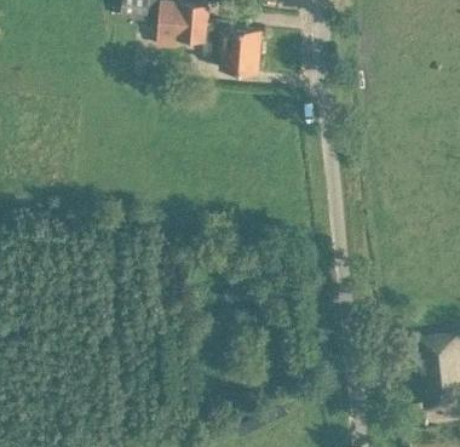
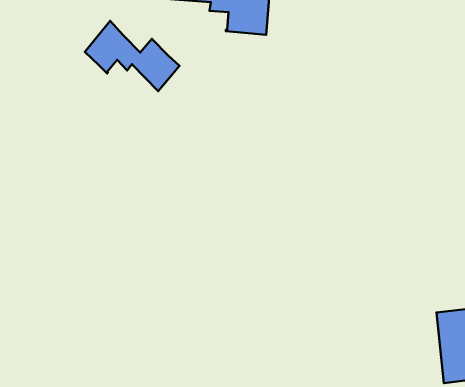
building: none -> [85,21,180,91]

